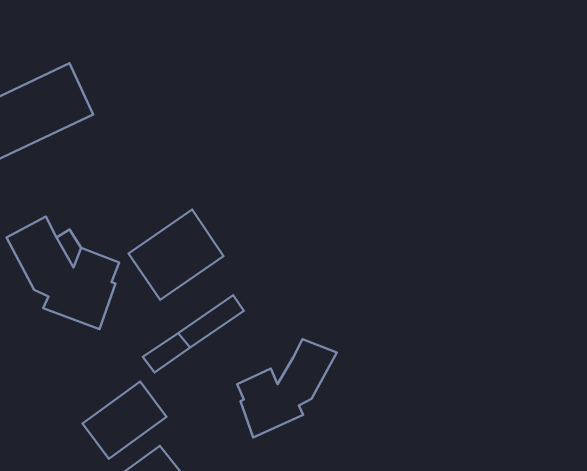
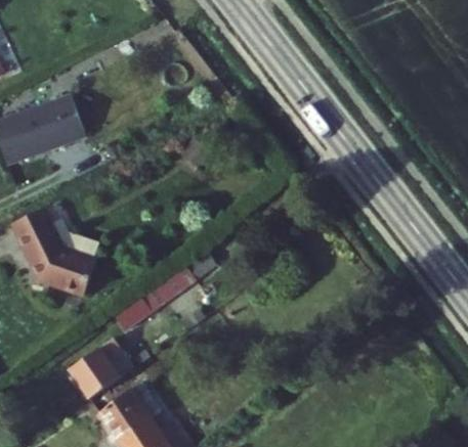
building: [129,210,224,300] -> none
building: [237,339,337,438] -> none

